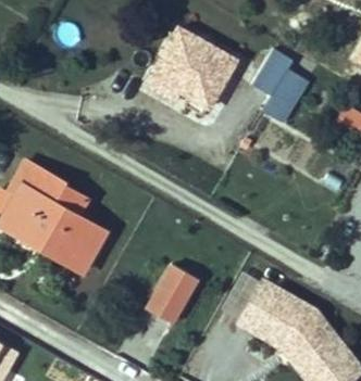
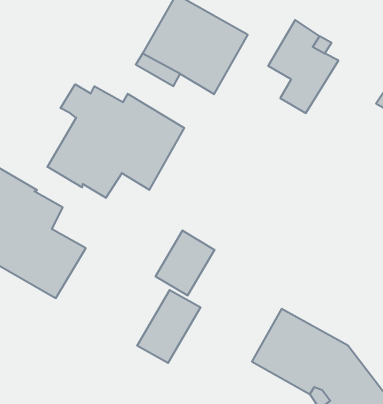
building: none -> [47,84,184,198]
building: none -> [156,230,214,296]

